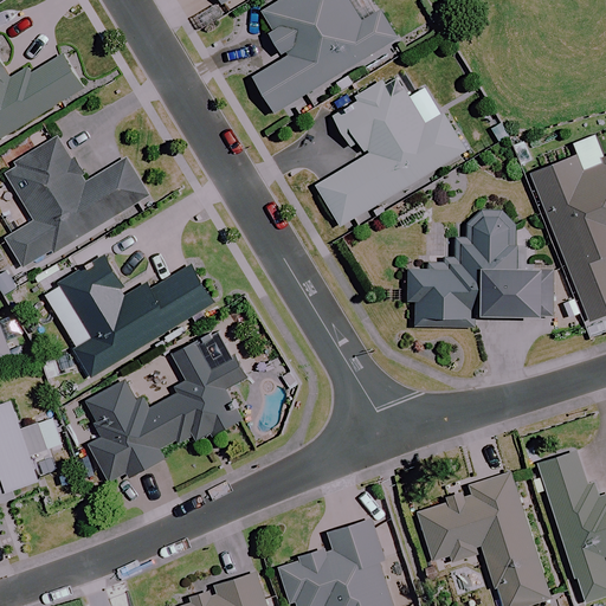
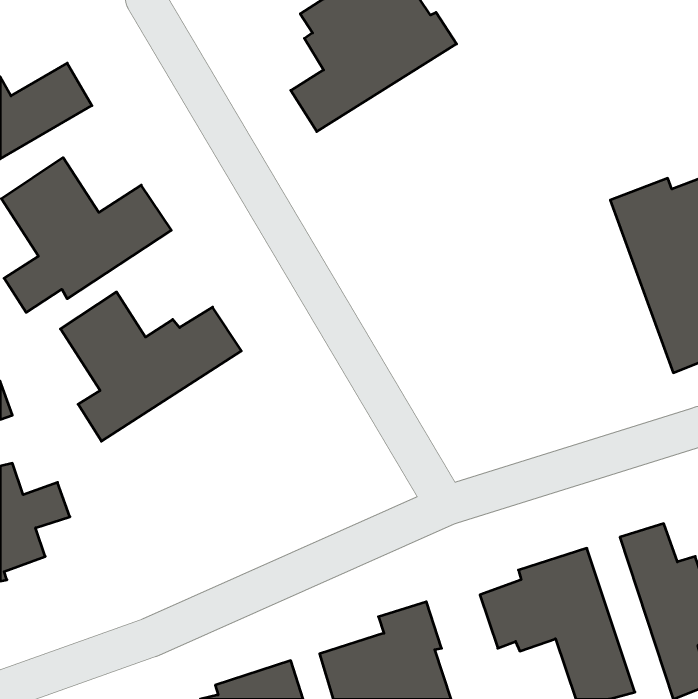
building: [316,73,465,227] -> none
building: [408,209,552,327] -> none
building: [84,339,245,488] -> none

